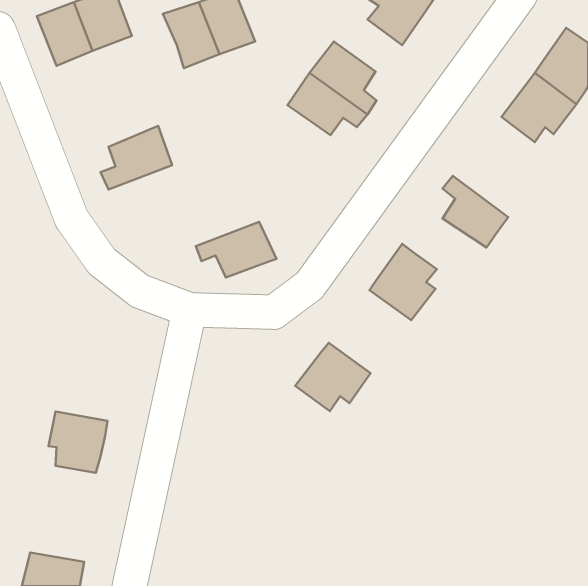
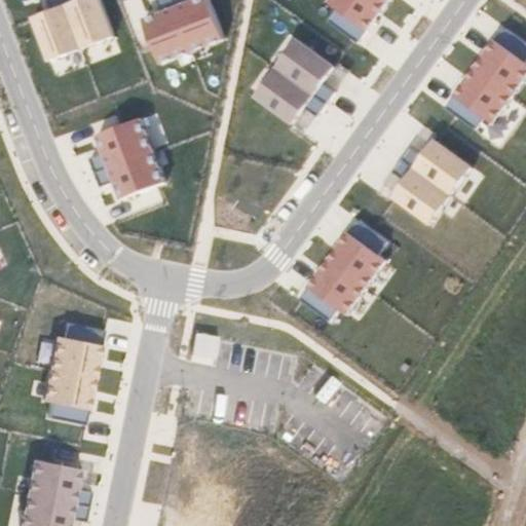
building: none -> [403,137,473,193]
building: [196,222,277,277] -> [97,147,168,196]
building: [295,343,370,411] -> [299,258,366,318]
building: none -> [49,332,102,374]
building: none -> [27,456,82,499]

